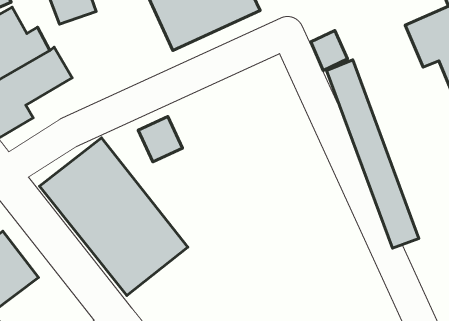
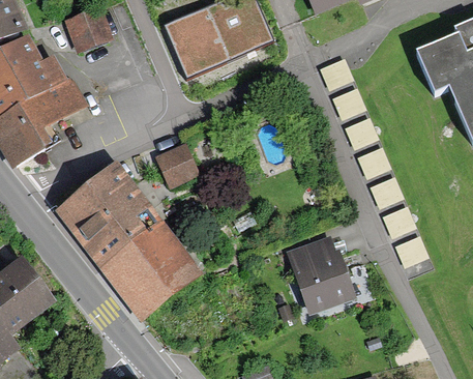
building: none -> [285,235,357,317]

